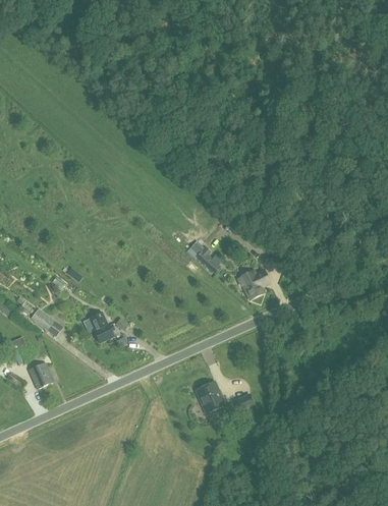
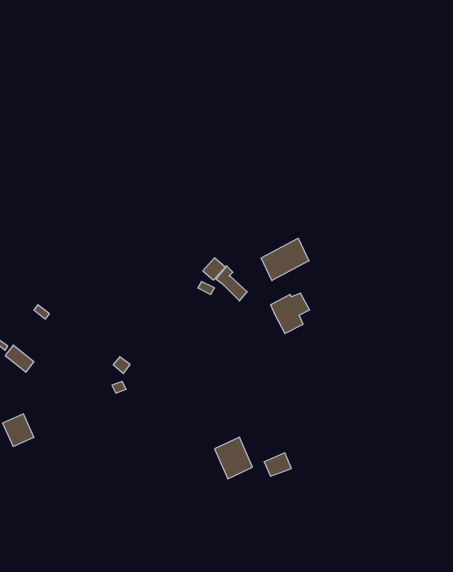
building: none -> [261,238,309,281]
building: [89,312,113,342] -> none

